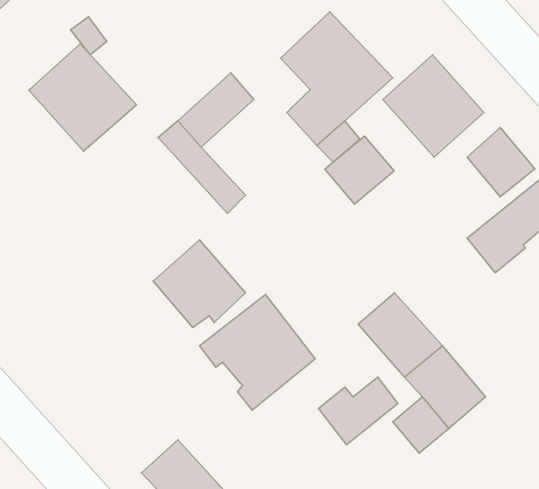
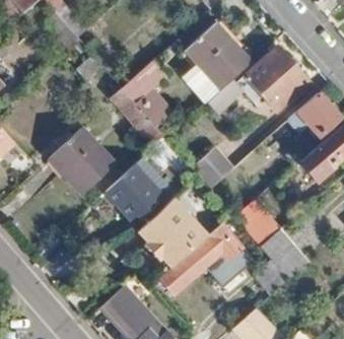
building: [29,44,136,151] -> [47,125,113,191]
building: [325,136,394,204] -> [192,147,234,189]
building: none -> [161,221,245,292]

